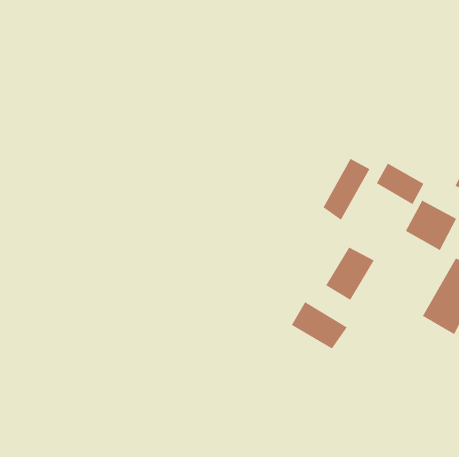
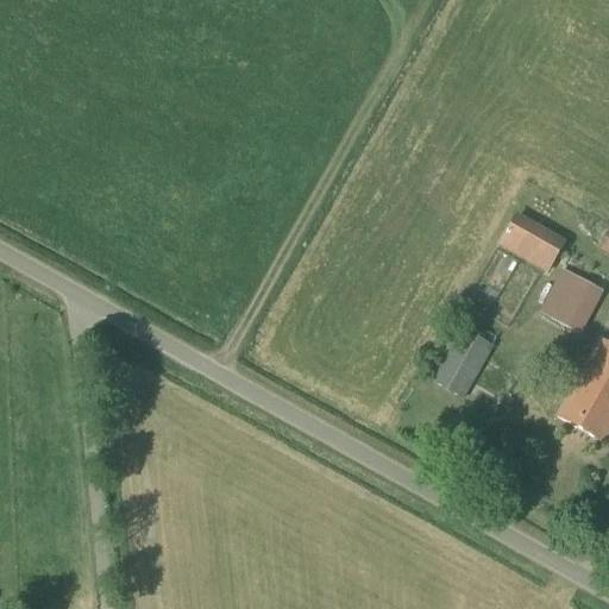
building: [323,158,370,221] -> none
building: [291,301,348,350] -> none

